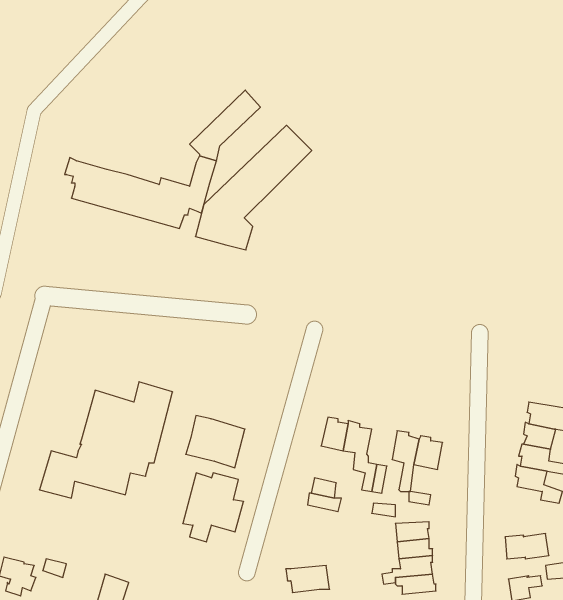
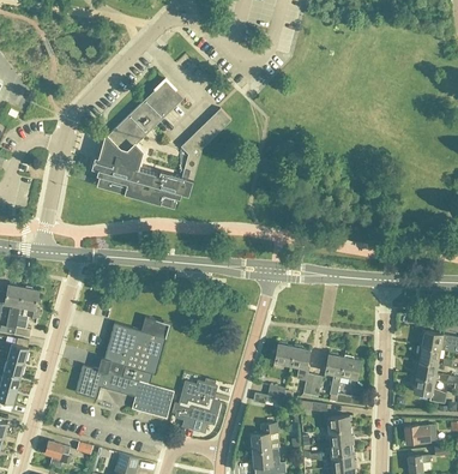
building: [195,125,312,250] -> [100,79,182,168]
building: [186,416,245,468] -> [131,380,173,418]
building: none -> [247,421,278,449]

